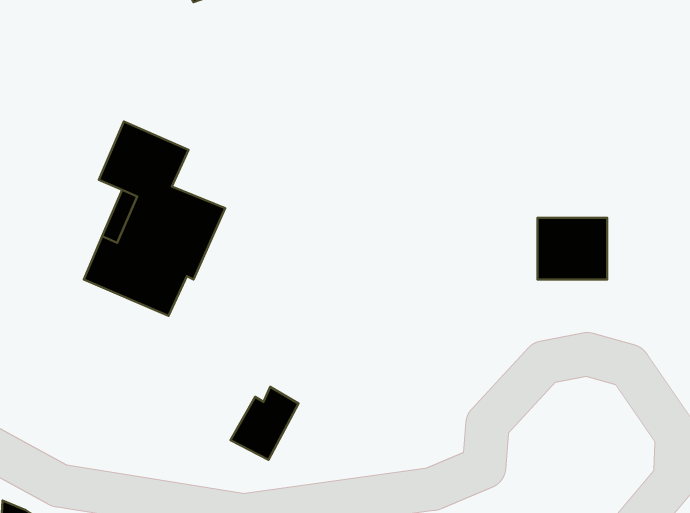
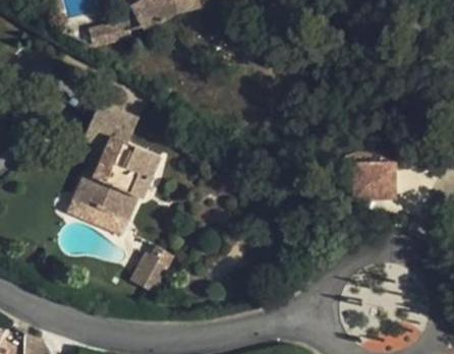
building: [230,387,299,460] -> [129,247,171,292]

